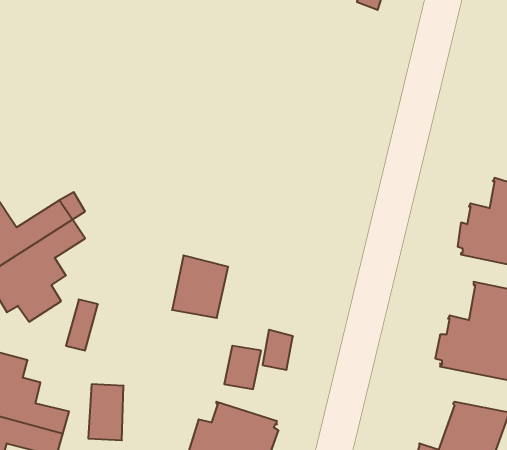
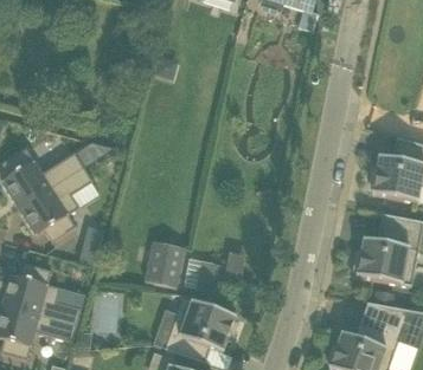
building: [172,255,228,318] -> [145,240,186,286]

